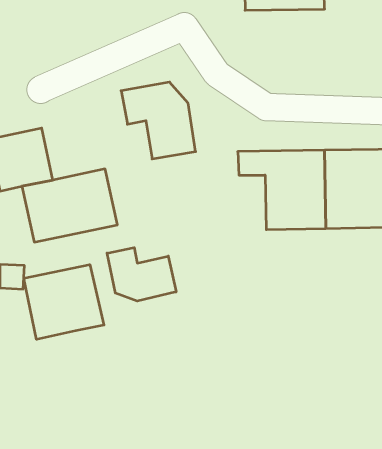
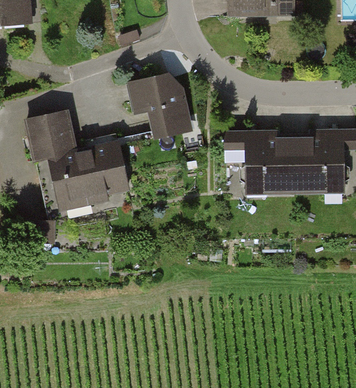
building: [107,248,176,301] -> none
building: [24,265,104,339] -> none

